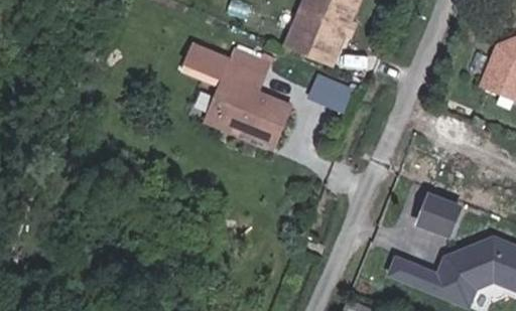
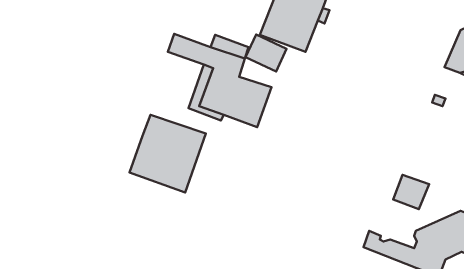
building: [308,76,352,116] -> [246,34,287,72]
building: none -> [130,115,206,193]

